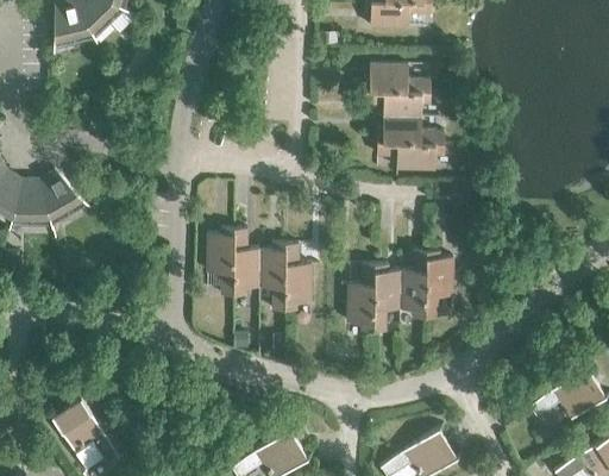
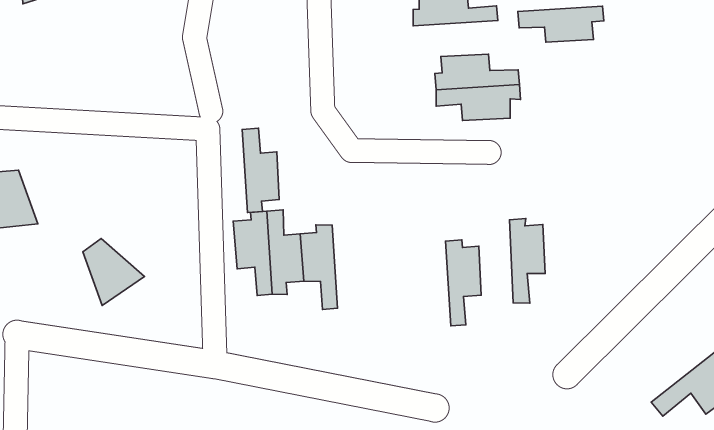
building: [363,90,431,118] -> [518,6,604,42]
building: [39,170,87,224] -> [83,238,145,305]
building: [284,244,312,311] -> [242,128,279,213]
building: [400,251,427,318] -> none
building: [347,264,375,332] -> none

